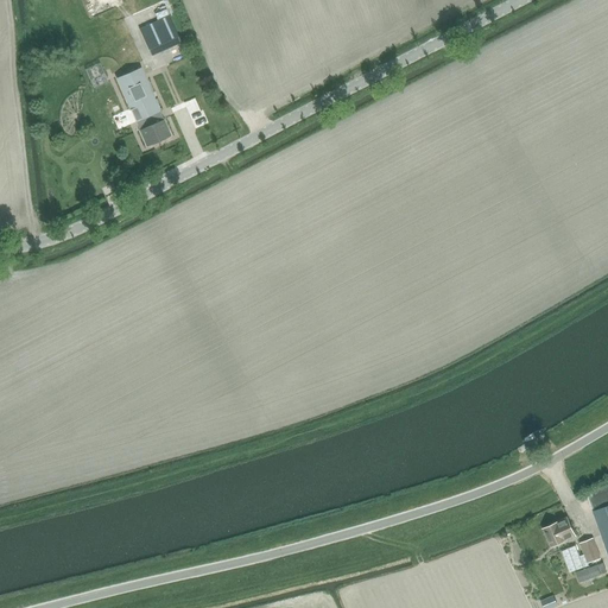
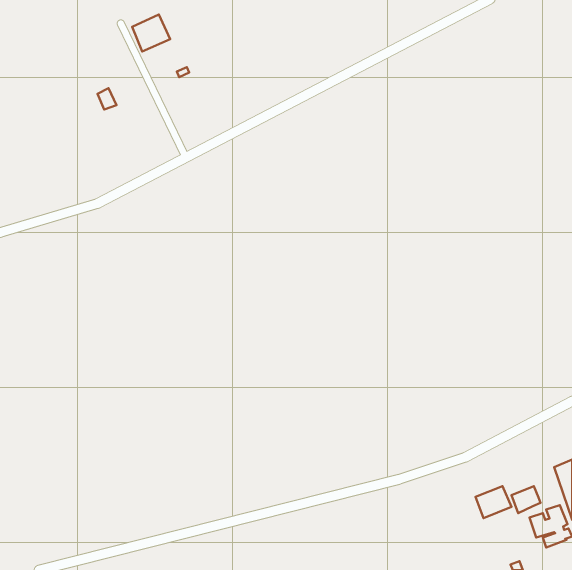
building: [120,72,171,145] -> none
building: none -> [475,486,512,518]

